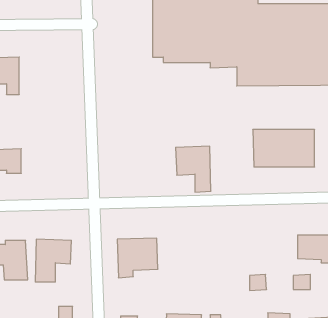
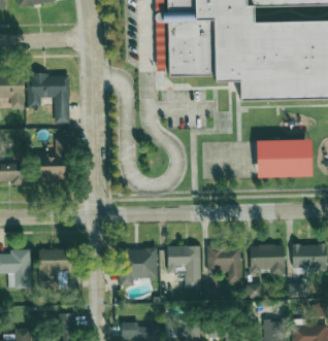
building: none -> [28,73,70,124]
building: none -> [38,138,70,181]
building: [176,146,211,192] -> [167,245,201,289]
building: none -> [207,242,241,282]
building: none -> [250,244,286,275]

